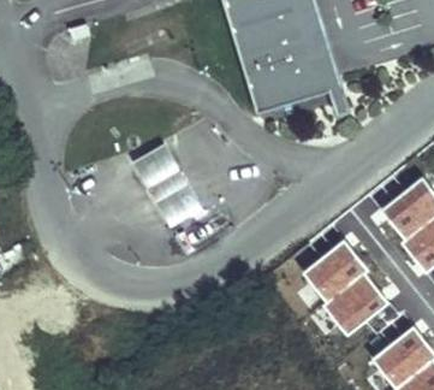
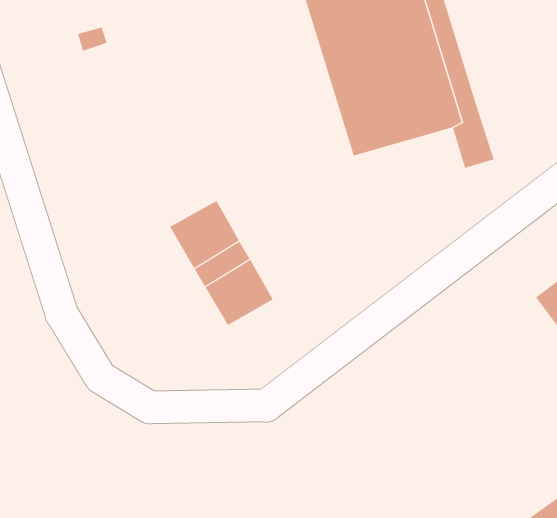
building: [305,243,385,330] -> none

